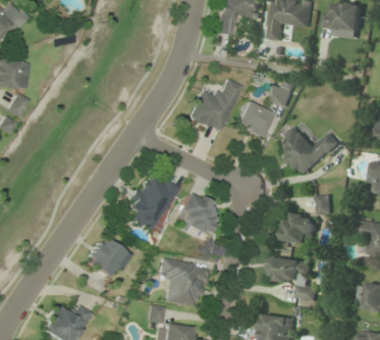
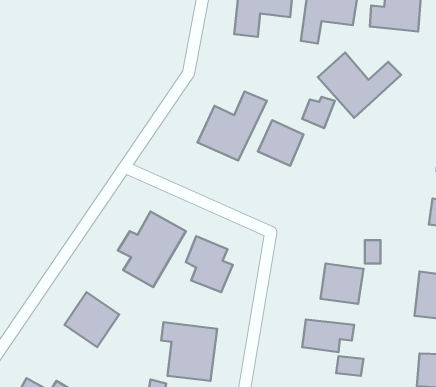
building: [276,126,341,177] -> [318,53,401,118]

